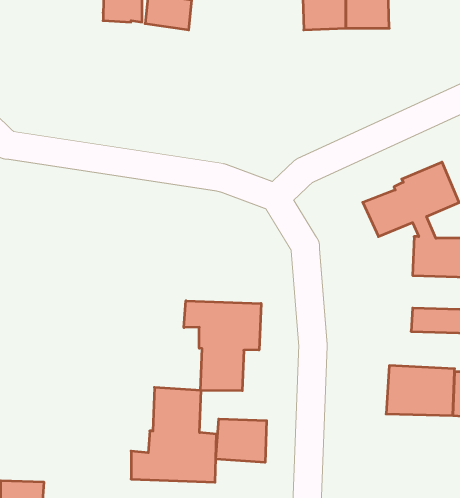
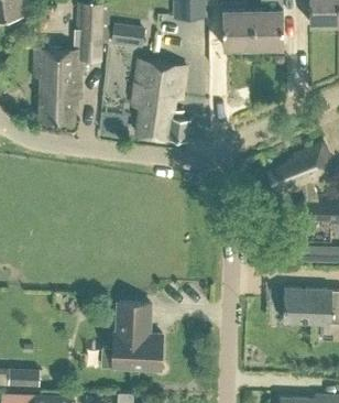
building: none -> [33,48,80,121]
building: none -> [134,61,188,141]
building: [184,301,261,391] -> none
building: [216,419,267,462] -> none

